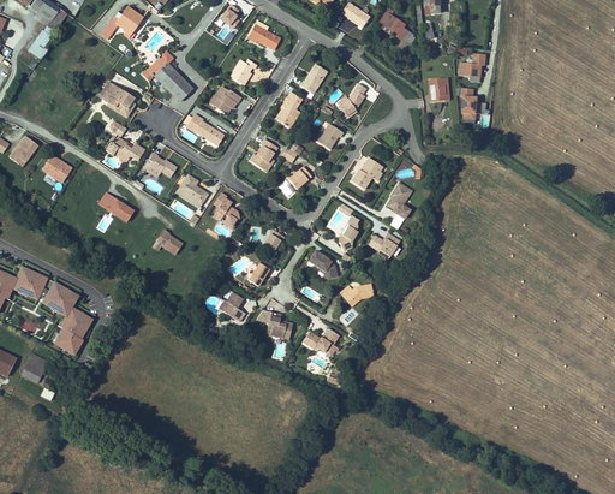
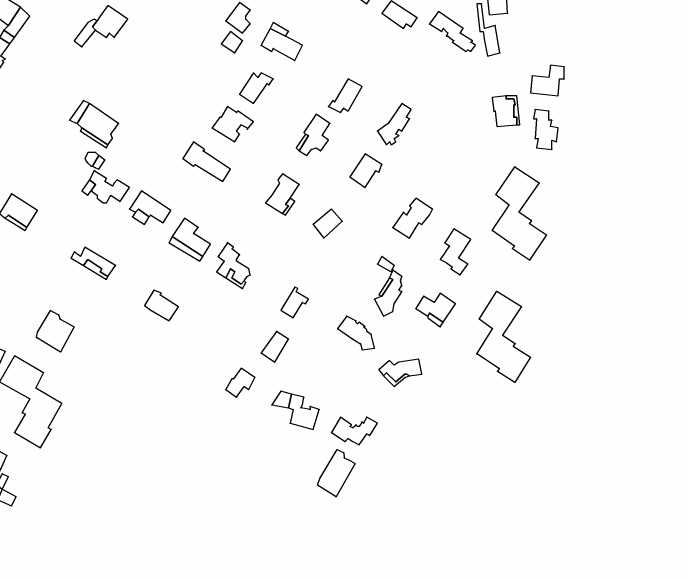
building: [142,50,192,100] -> none
building: none -> [492,167,547,260]
building: none -> [477,291,531,382]
building: none -> [36,310,74,352]
building: none -> [317,450,355,497]

